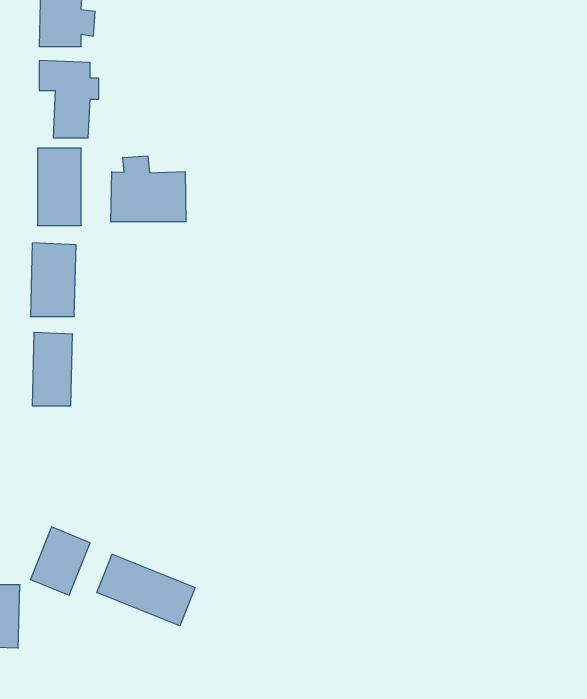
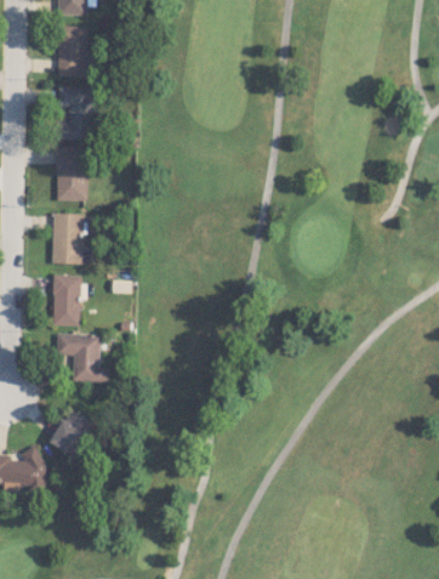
building: [111,156,186,222] -> none
building: none -> [56,334,108,381]
building: [97,554,195,626] -> none

